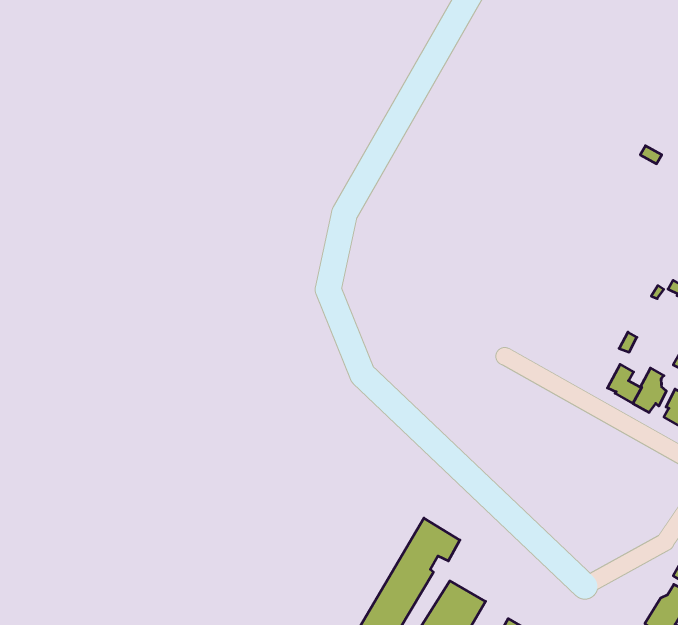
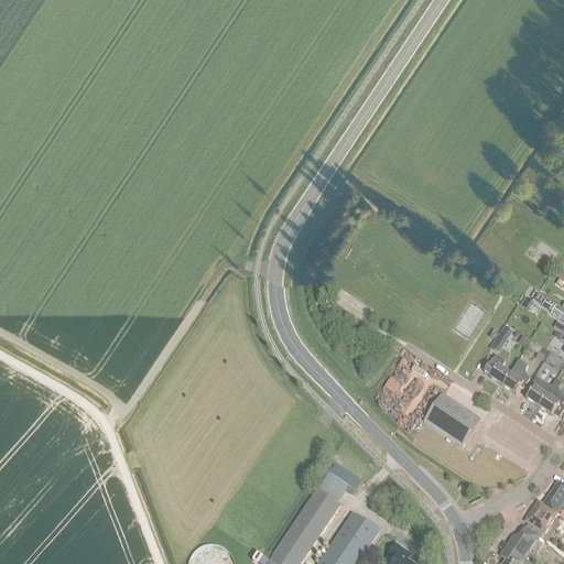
building: none -> [422,392,481,446]

